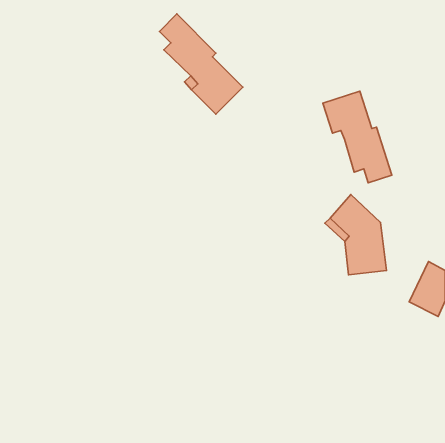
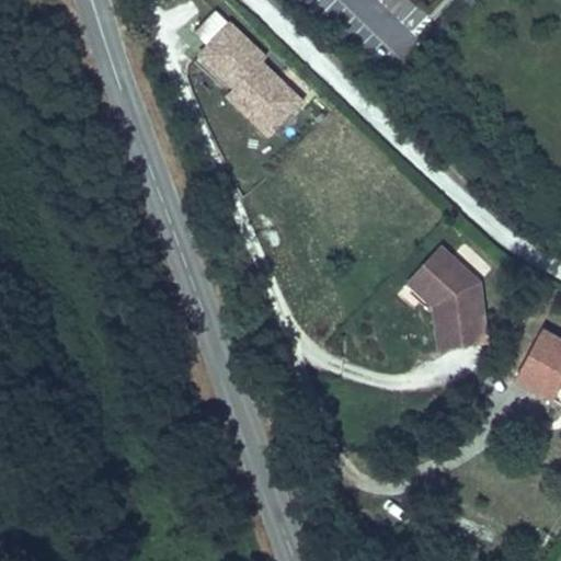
building: [323,91,392,183] -> none

